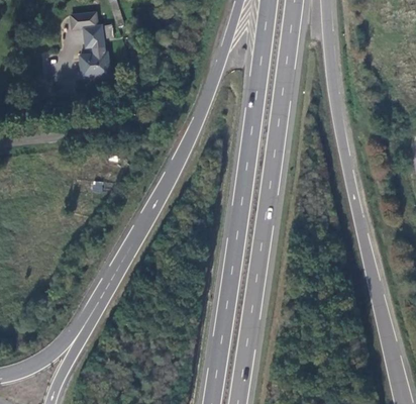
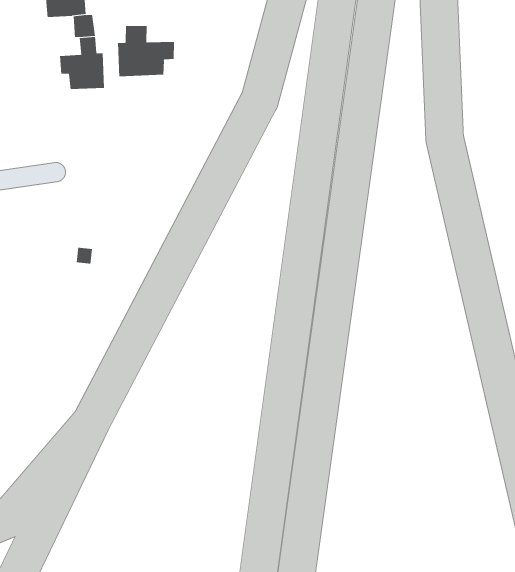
building: none -> [117,25,174,77]

